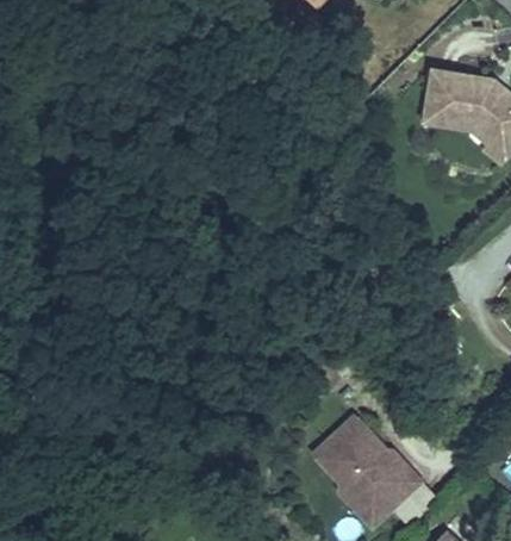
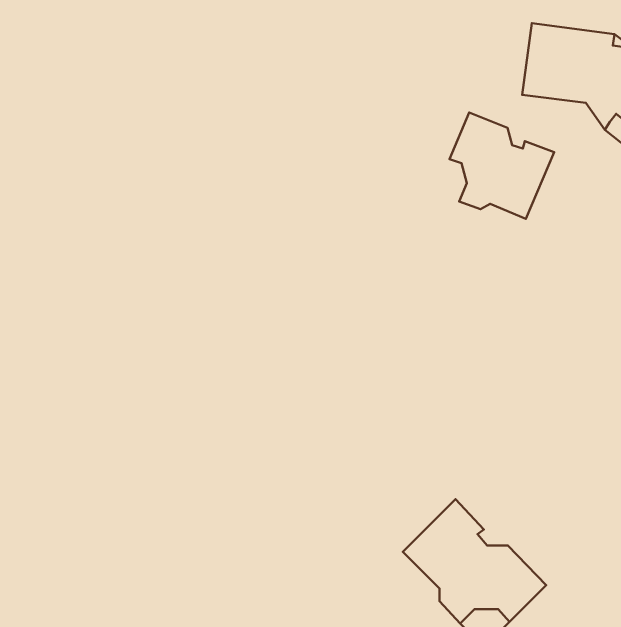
building: none -> [449,113,554,219]

